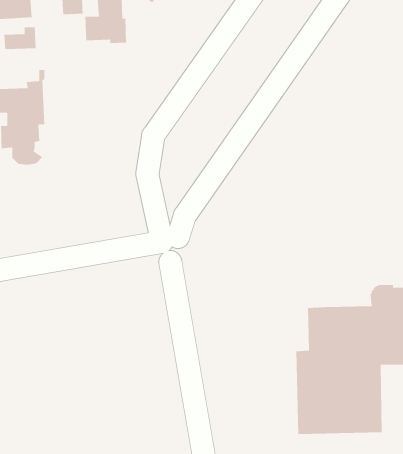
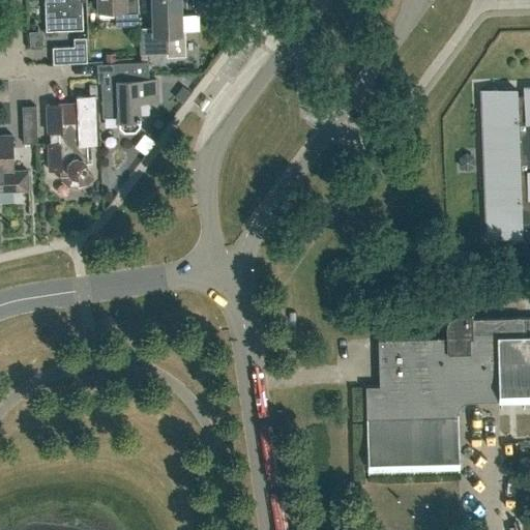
building: none -> [101,62,156,131]

